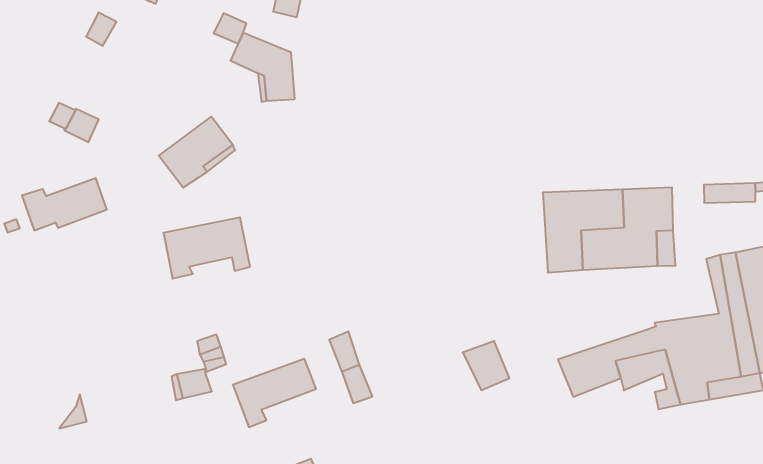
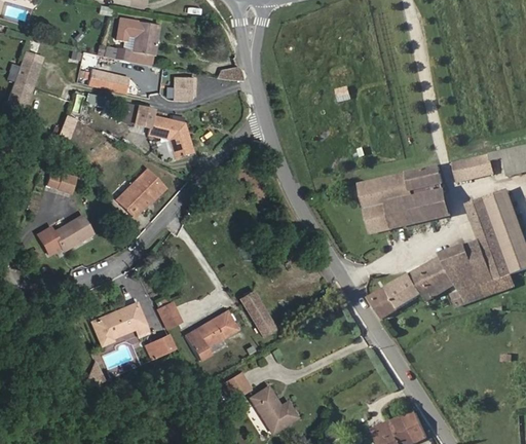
building: [163,217,250,279] -> [89,298,147,343]
building: [463,341,509,390] -> [367,286,399,318]

